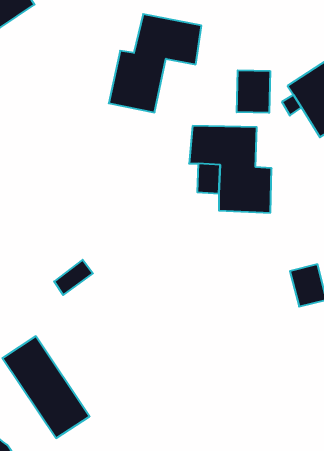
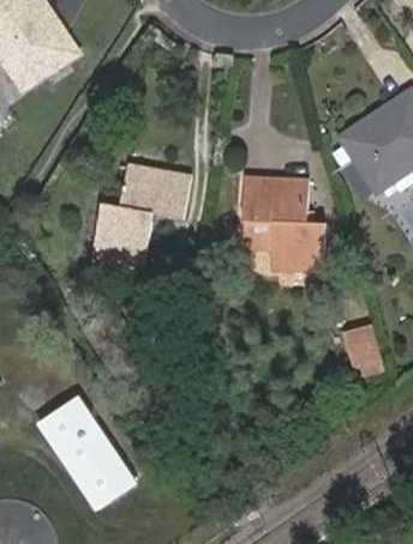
building: [109,14,201,112] -> [92,167,190,270]
building: [237,70,270,113] -> none

